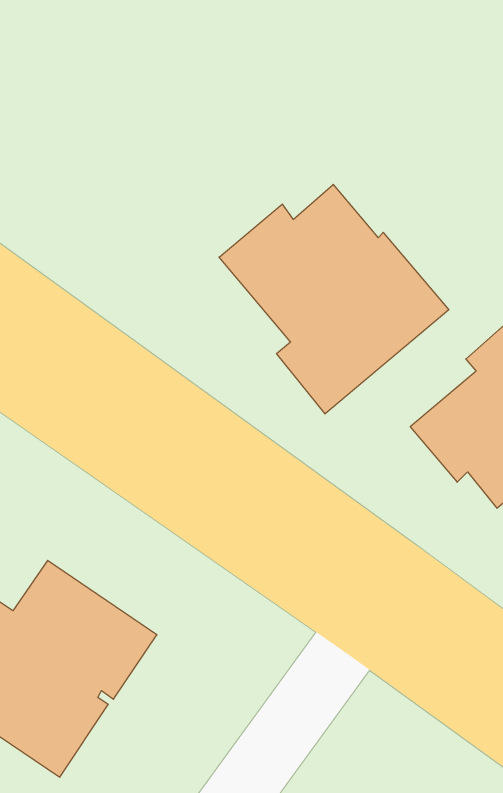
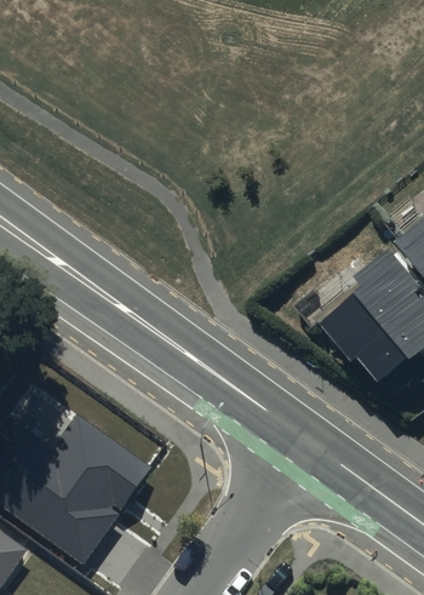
building: [219,184,449,414] -> none

